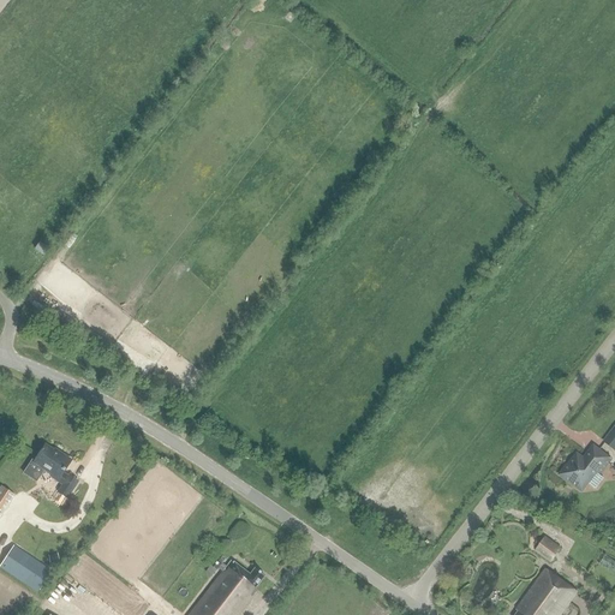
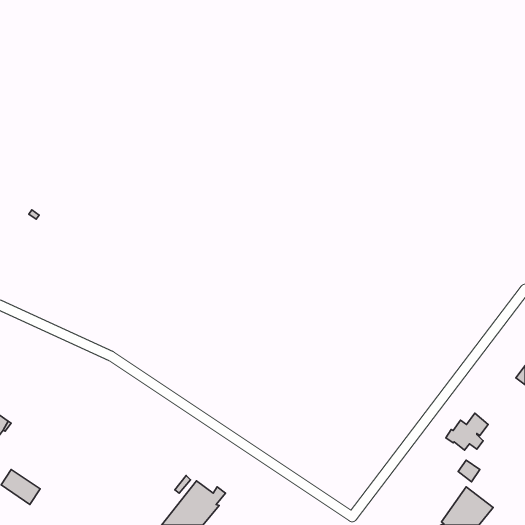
building: [559,446,608,489] -> [446,413,488,450]
building: [34,447,76,498] -> none

